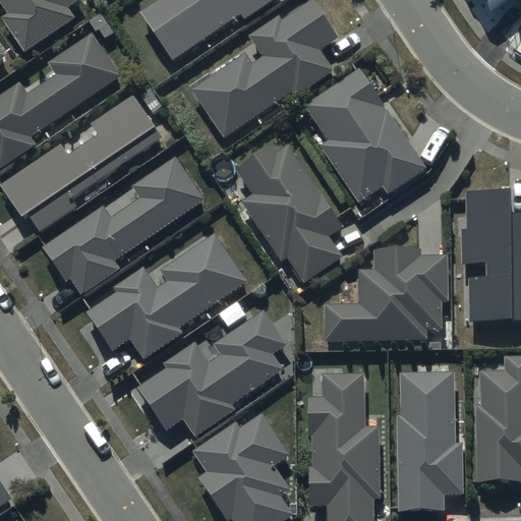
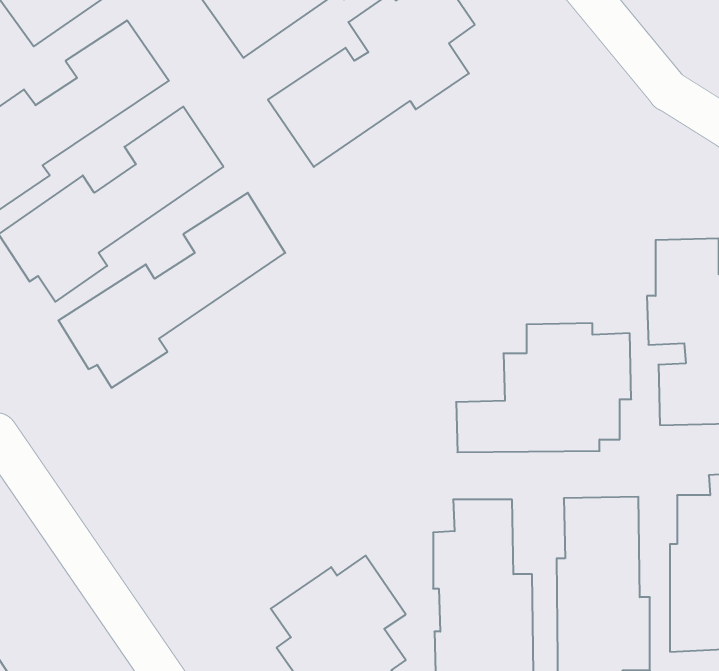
building: [305,68,425,202] -> none
building: [235,143,344,283] -> none
building: [85,233,248,359] -> none
building: [137,310,286,437] -> none

